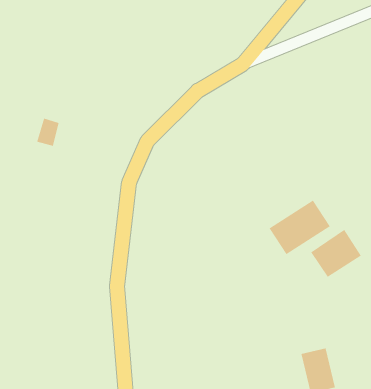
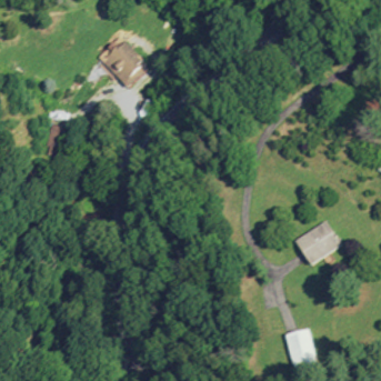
building: none -> [101,36,151,86]
building: [269,199,331,255] -> none

